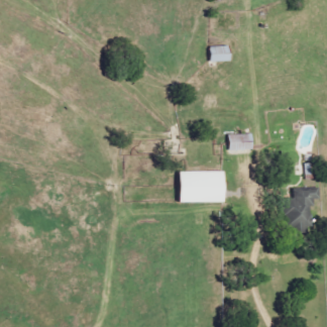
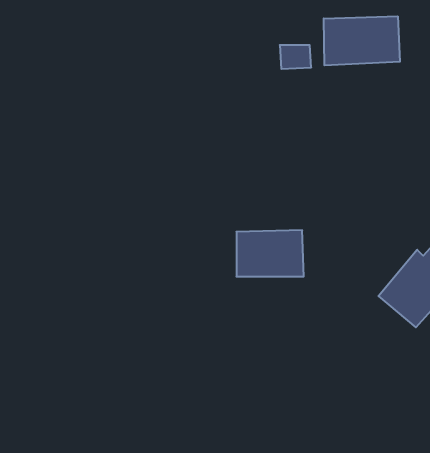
building: none -> [324,16,400,65]
building: [228,133,253,151] -> none

